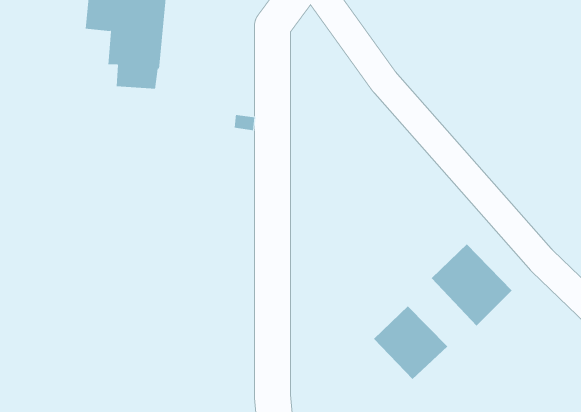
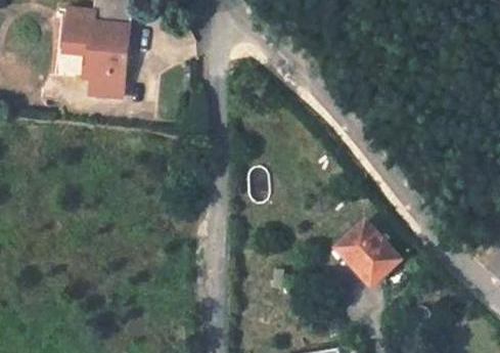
building: [373,305,448,380] -> none

